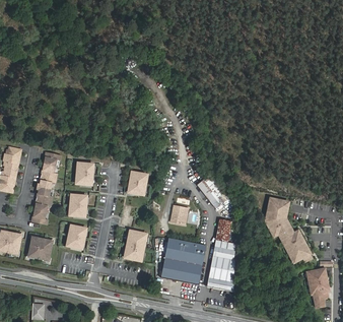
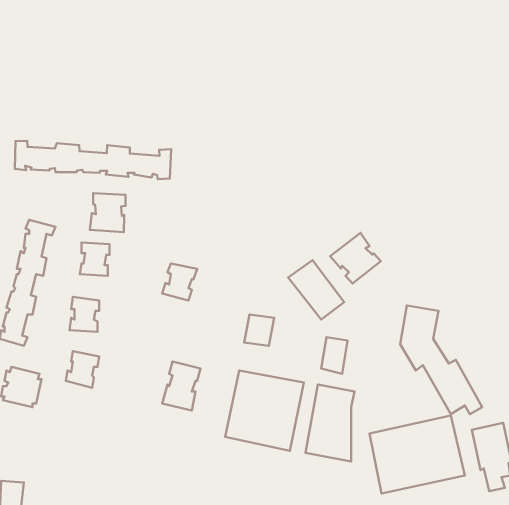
building: none -> [15,141,171,179]
building: none -> [90,193,126,232]
building: none -> [330,233,381,284]
building: none -> [370,416,465,494]

